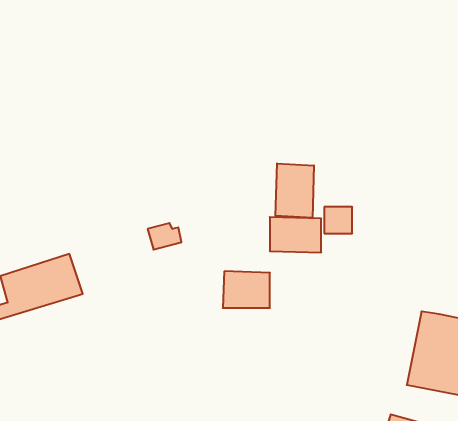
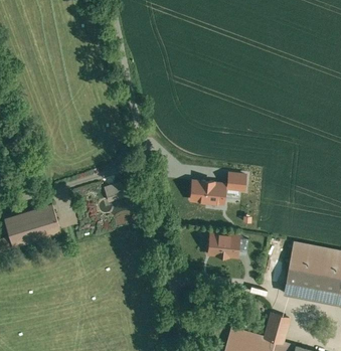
building: [276,163,314,218] -> none
building: [223,271,270,308] -> [207,231,239,256]

